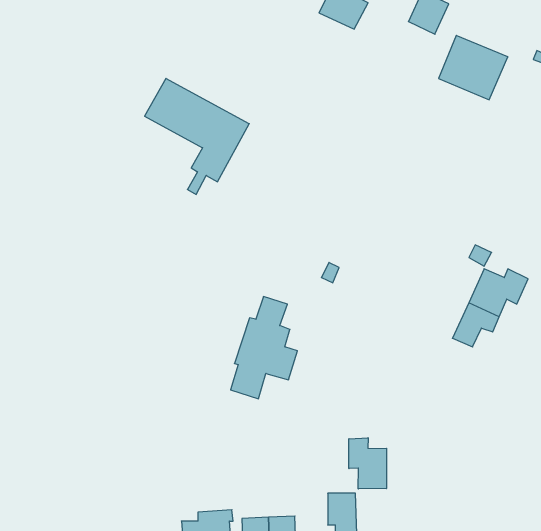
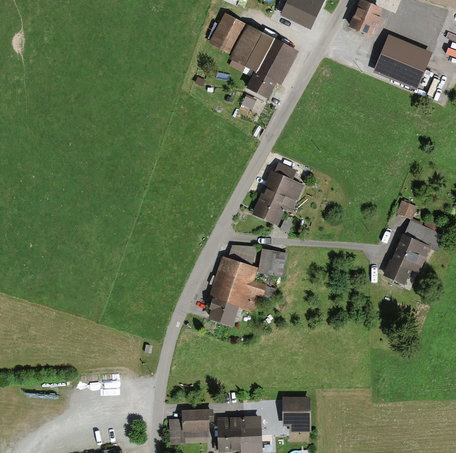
building: [145,78,249,194] -> [210,15,293,107]
building: none -> [254,162,302,223]
building: none -> [260,249,287,276]
building: [349,438,387,489] -> none

